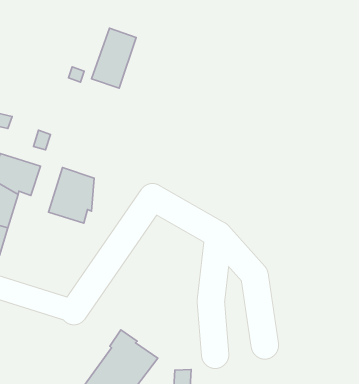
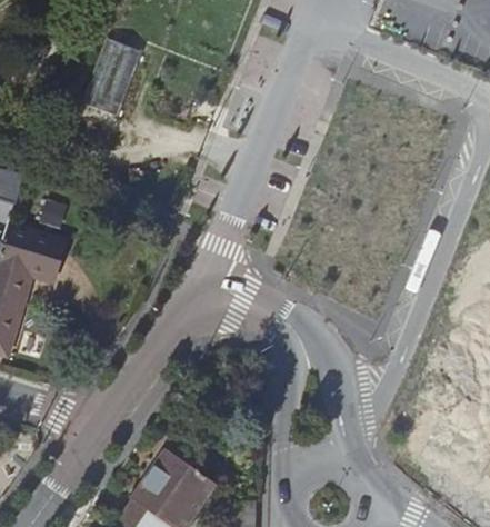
building: [92,28,136,88] -> [84,36,142,113]
building: [48,167,94,223] -> none

